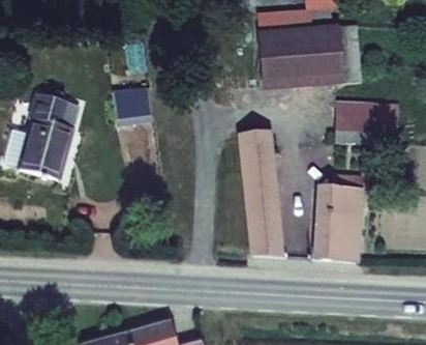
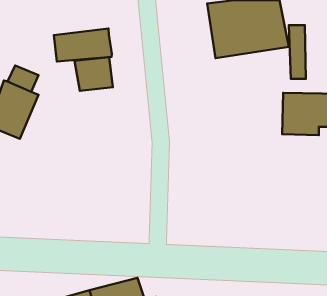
building: none -> [54,28,112,61]
building: [237,118,287,252] -> none
building: [321,175,361,256] -> none

